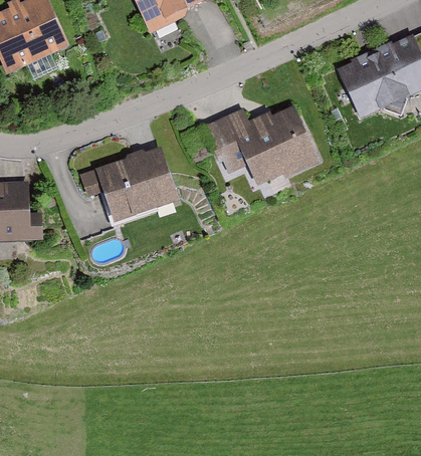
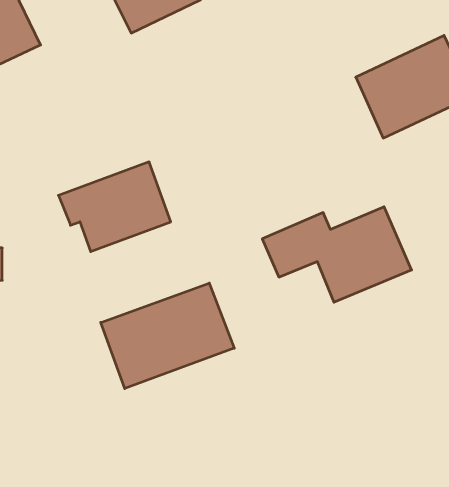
building: [194,107,320,188] -> [262,207,412,302]
building: none -> [101,283,234,389]

